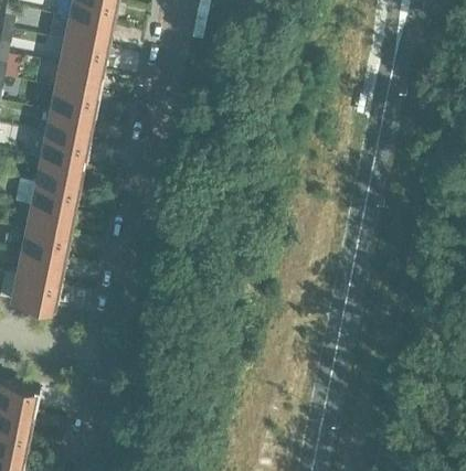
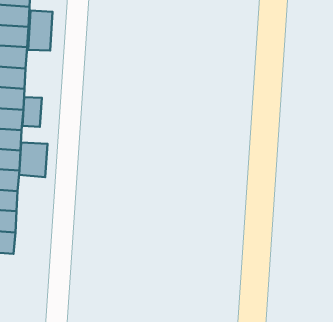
building: none -> [28,10,52,50]
building: none -> [23,97,42,127]
building: none -> [19,143,47,177]

